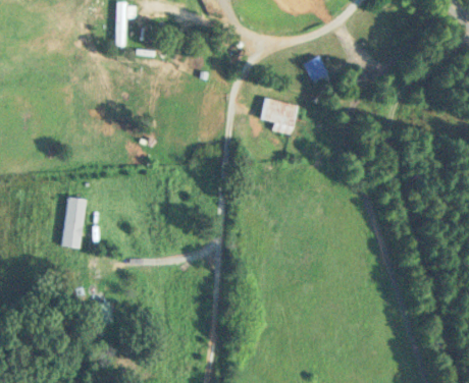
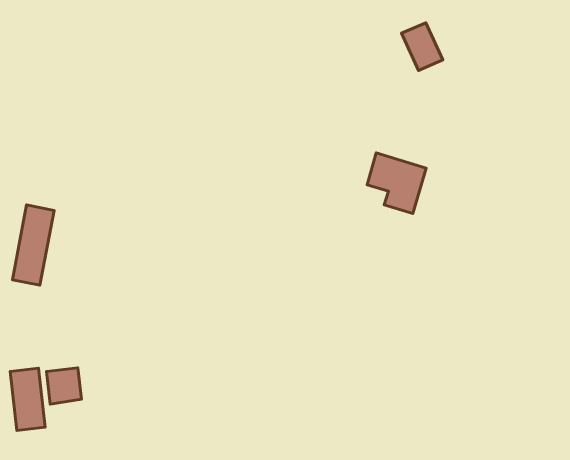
building: [259,97,297,134] -> [367,153,426,214]
building: none -> [10,368,45,431]

